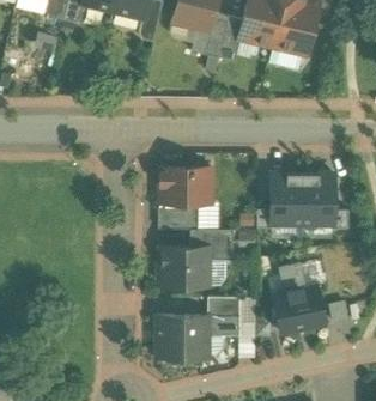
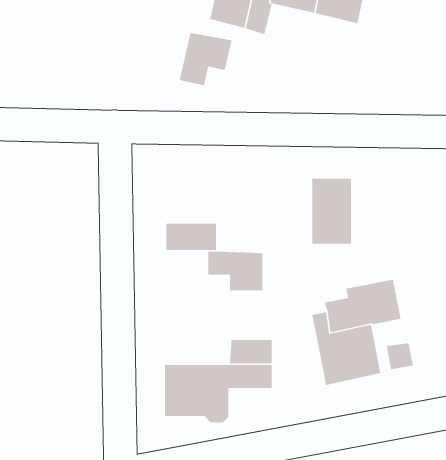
building: none -> [179,32,232,86]
building: [158,169,211,208] -> none
building: [301,174,333,225] -> none
building: [157,248,206,286] -> none

